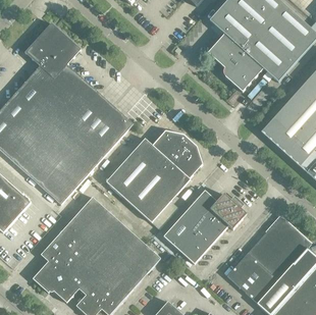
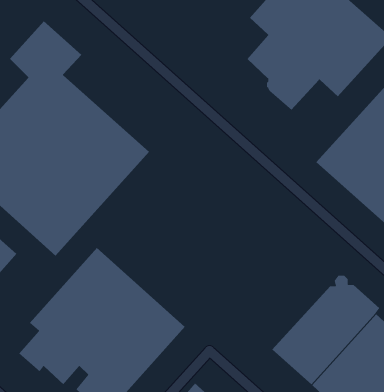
building: [105,130,202,222] -> none
building: [163,190,242,264] -> none

